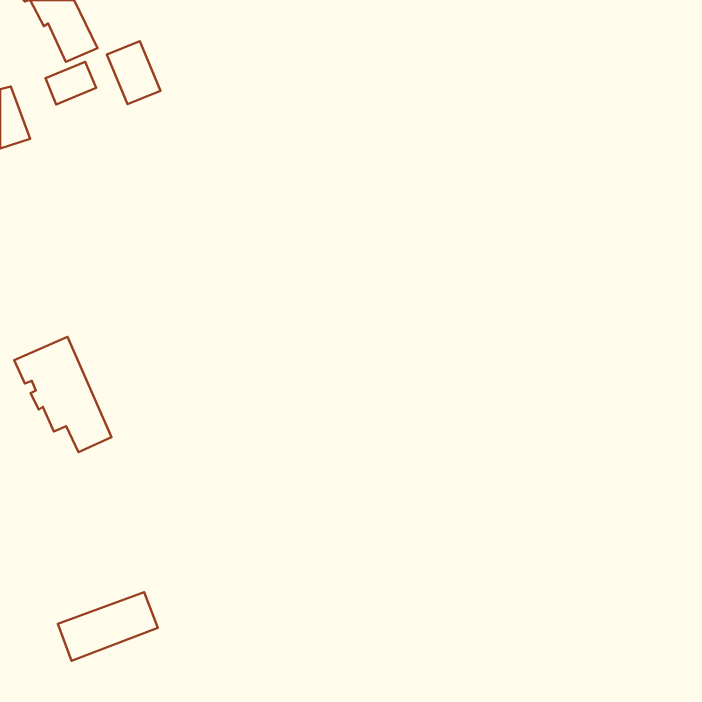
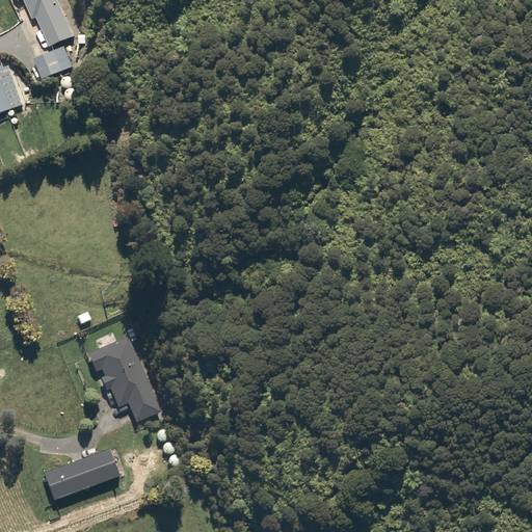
building: [107,41,160,104] -> none
building: [14,337,112,452] -> [87,335,161,422]

